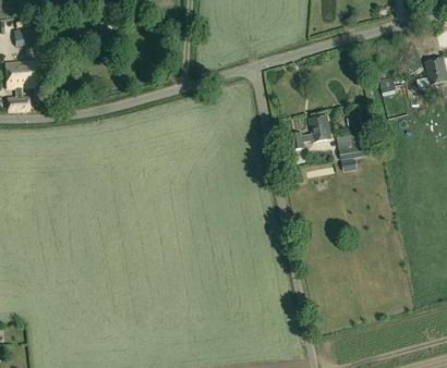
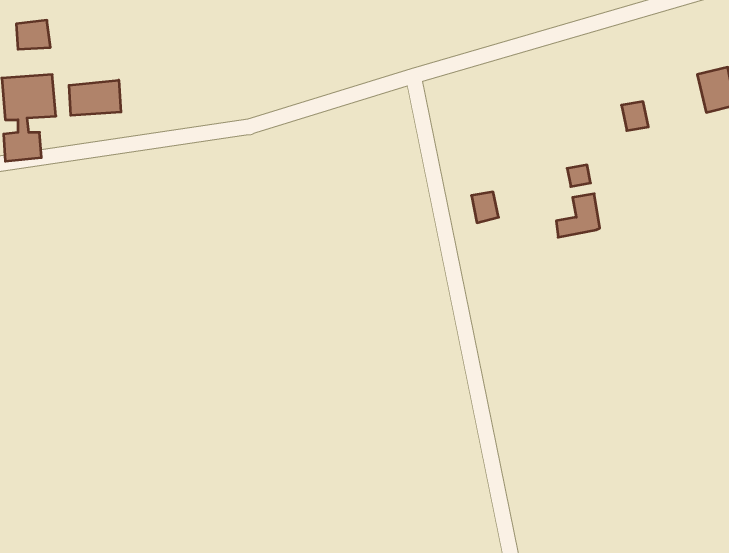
building: none -> [69,80,121,115]
building: [303,114,331,140] -> none

